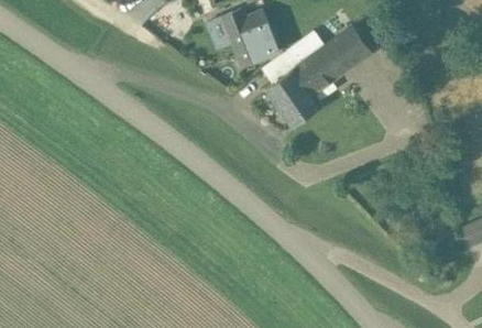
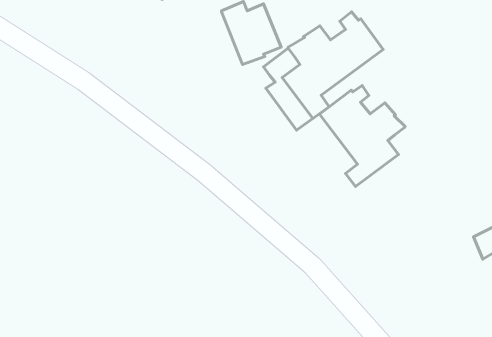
building: none -> [320,86,405,186]

